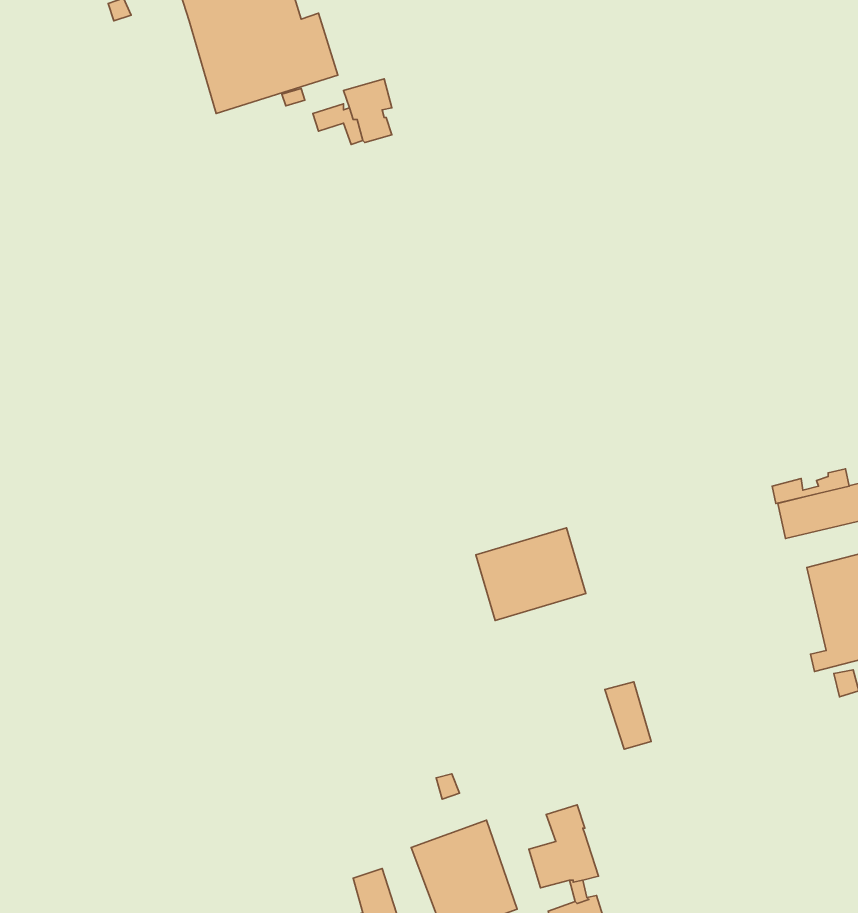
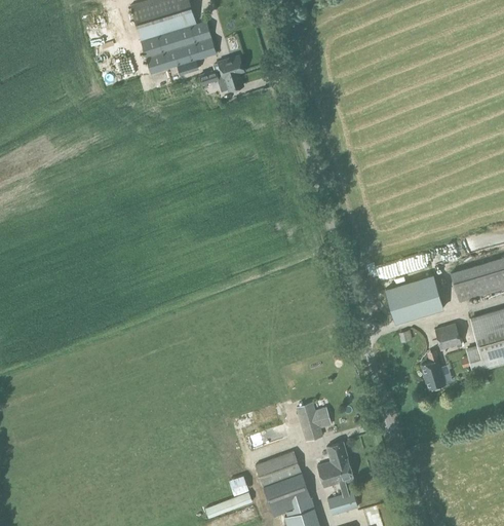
building: [476,528,586,621] -> [385,274,443,324]
building: none -> [435,324,461,349]
building: none -> [422,362,447,391]
building: [605,682,651,749] -> [297,404,321,440]

